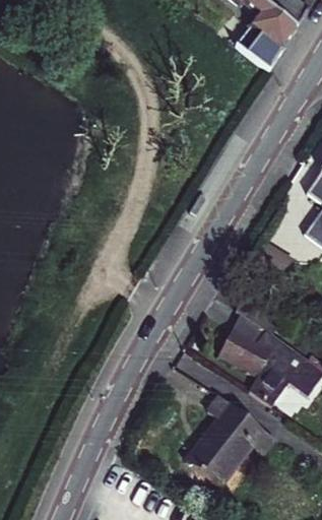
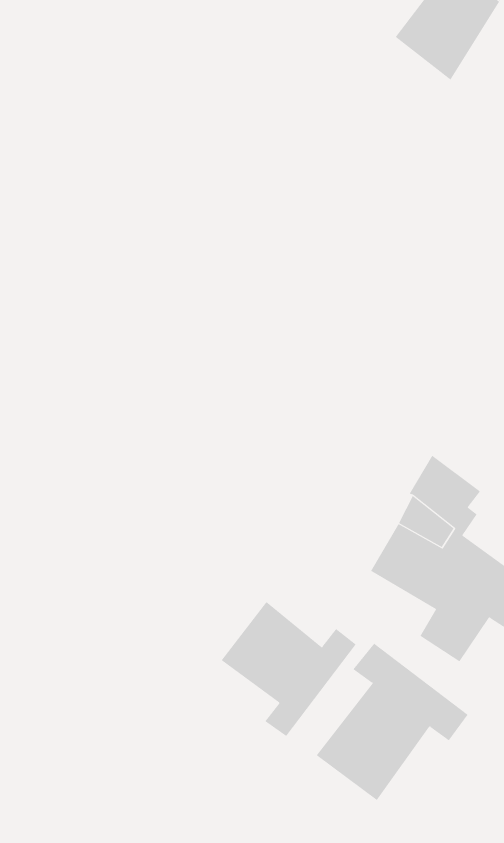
building: none -> [221,601,356,737]

